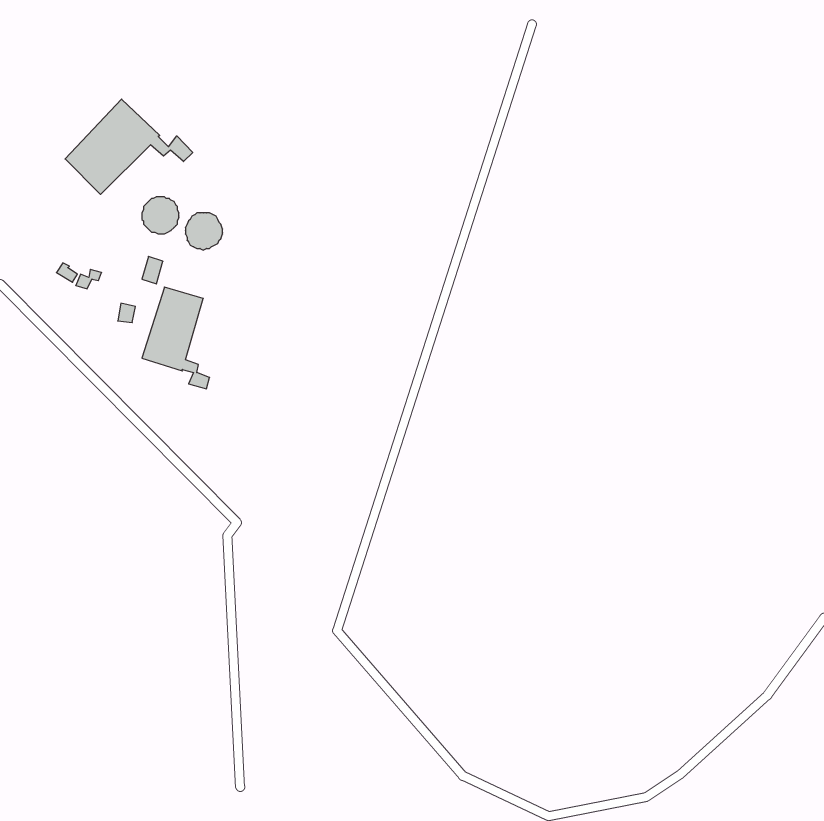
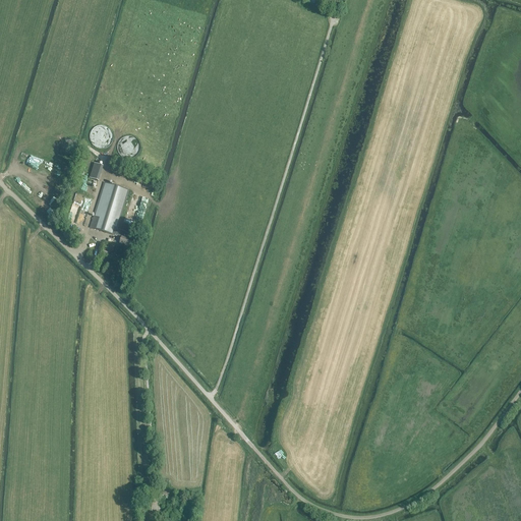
building: [65,99,193,194] -> none

